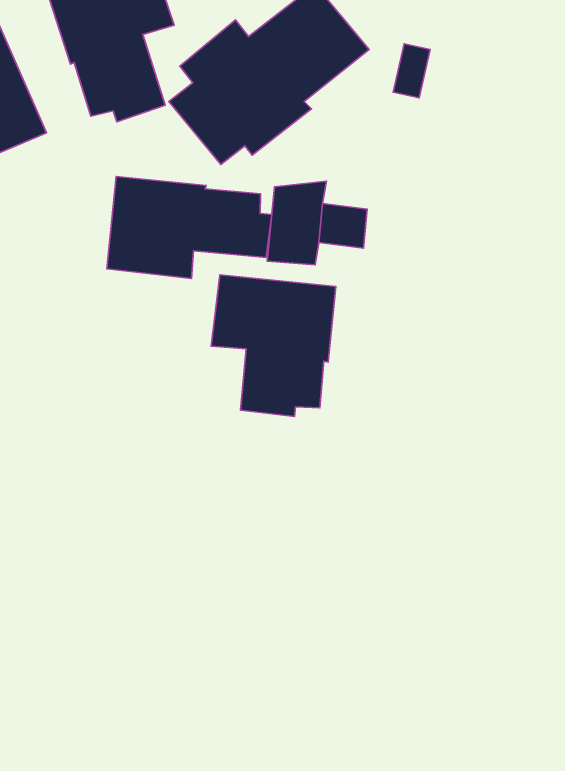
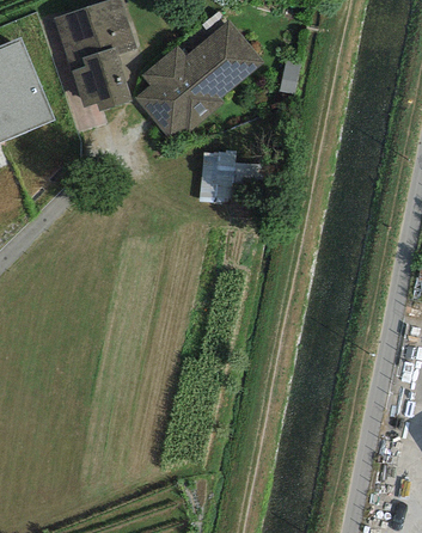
building: [107,177,272,279] -> none
building: [211,275,336,417] -> none

